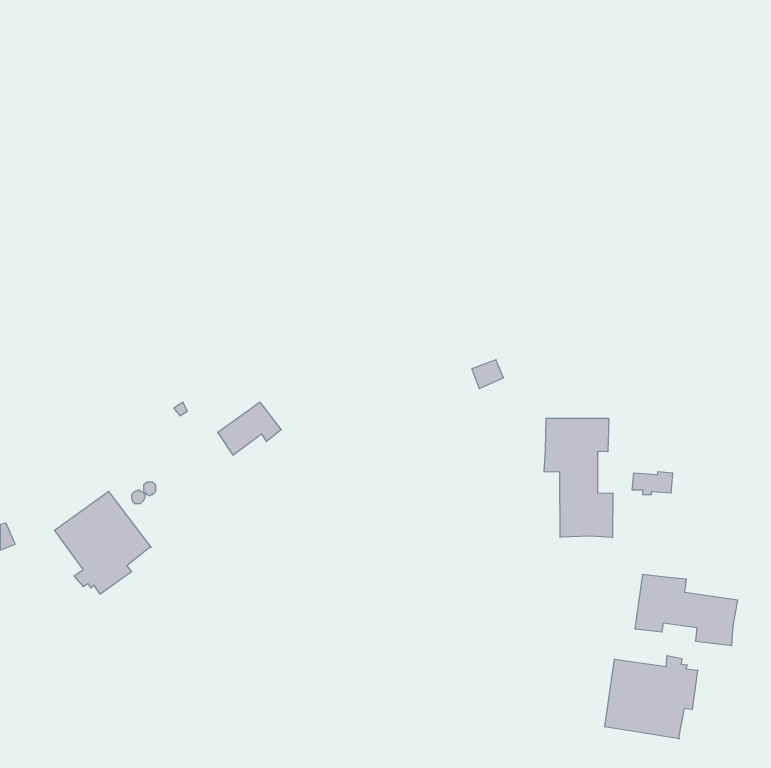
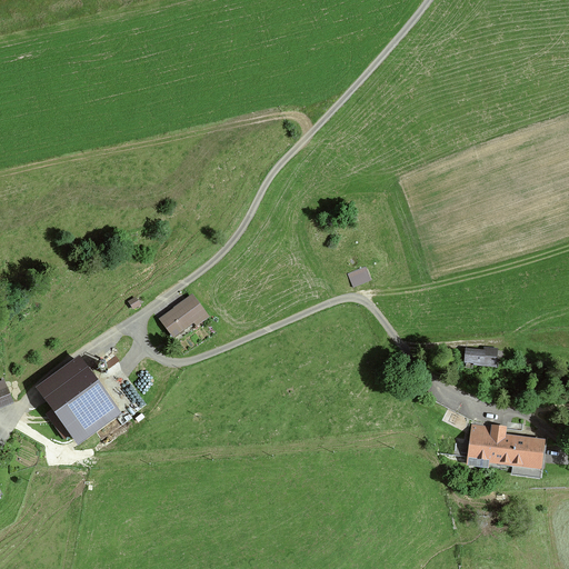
building: [544,418,613,538] -> none
building: [605,655,697,739] -> none

